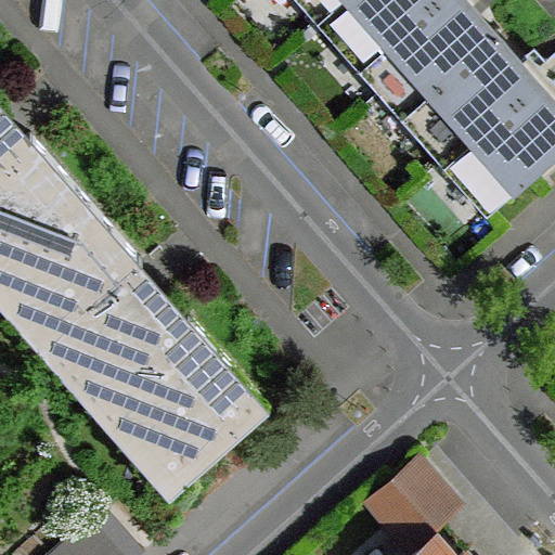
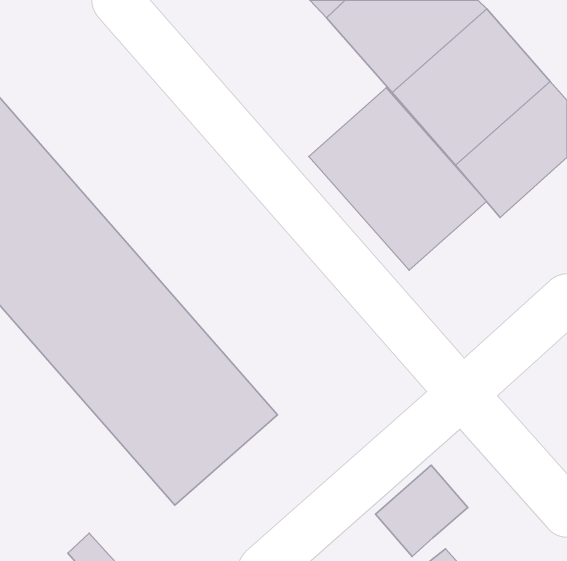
building: none -> [309,88,487,270]

